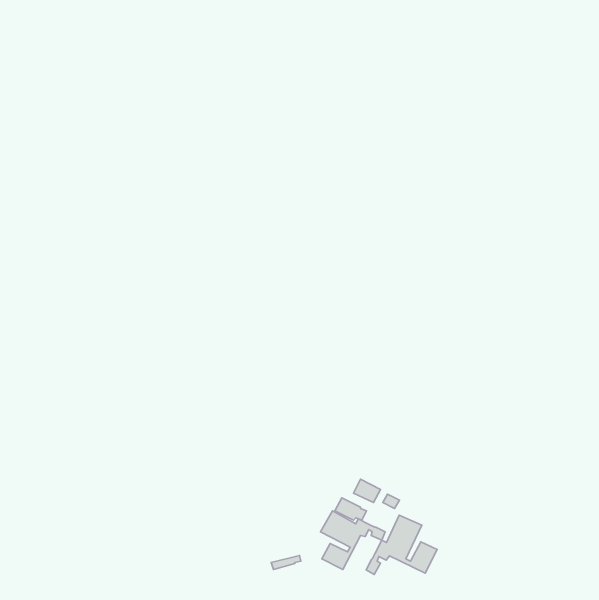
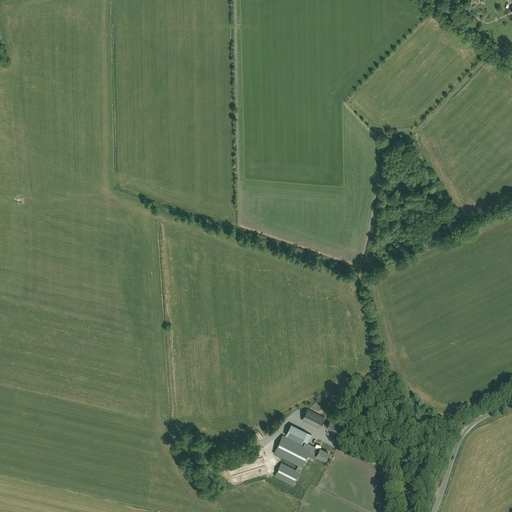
building: [366,515,437,575] -> none

